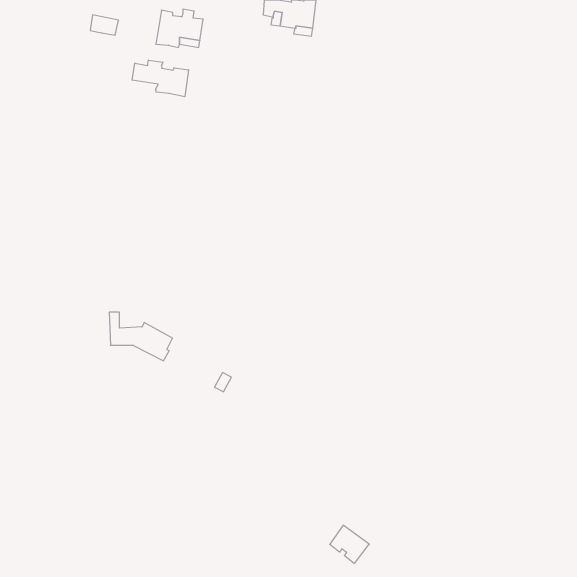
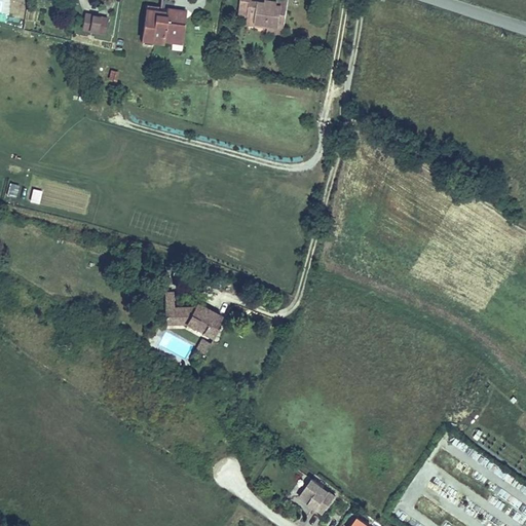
building: [132,60,189,97] -> none
building: [109,312,173,361] -> [164,293,222,337]

